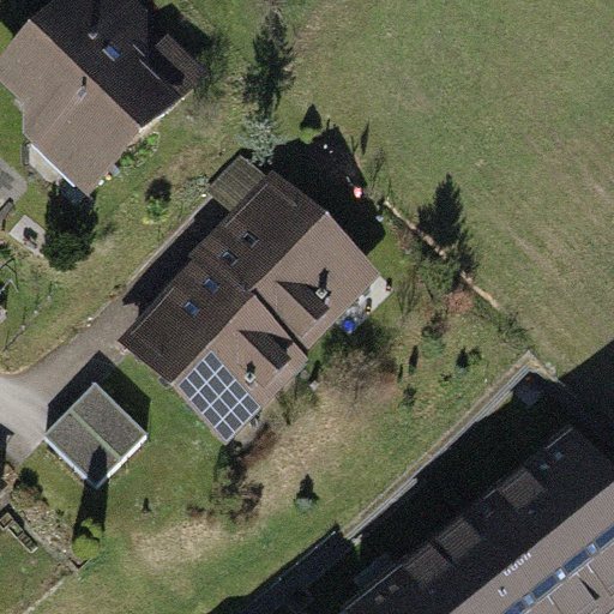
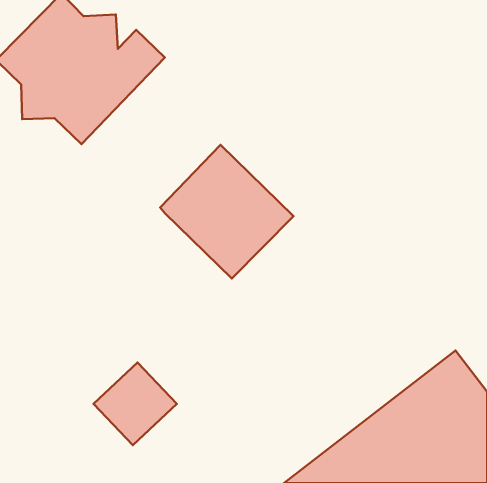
building: [130,266,297,433] -> none
building: [41,380,145,483] -> [94,362,177,445]

